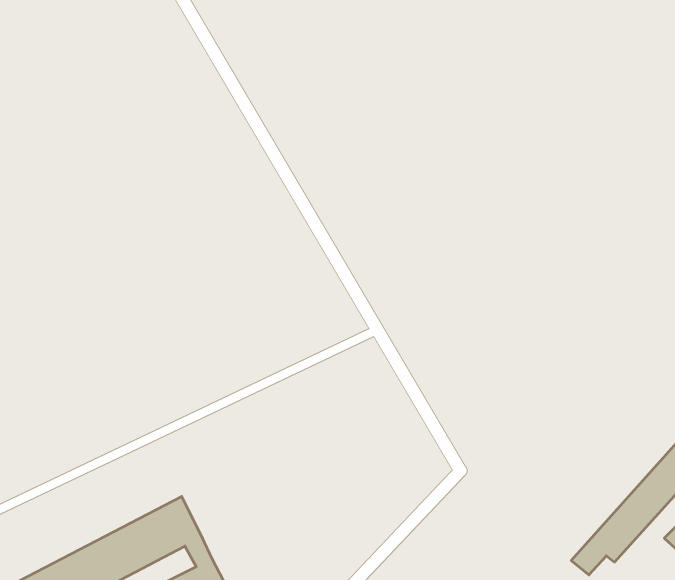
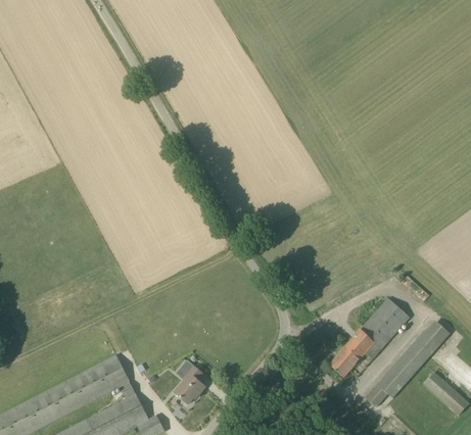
building: none -> [328,297,409,377]
building: none -> [174,359,204,403]

